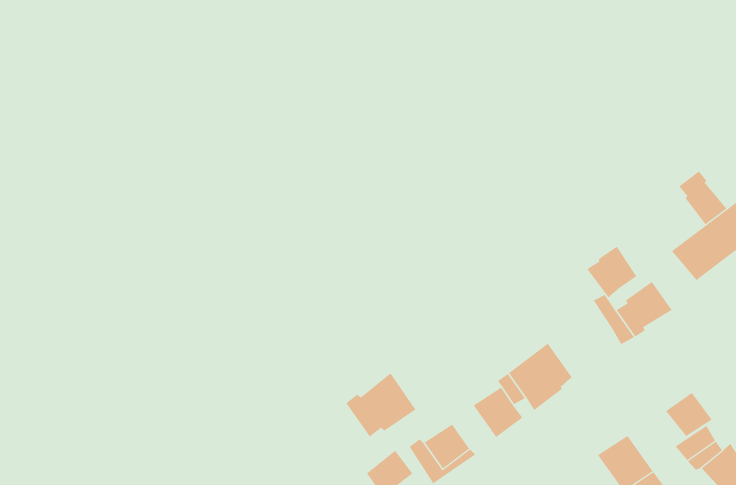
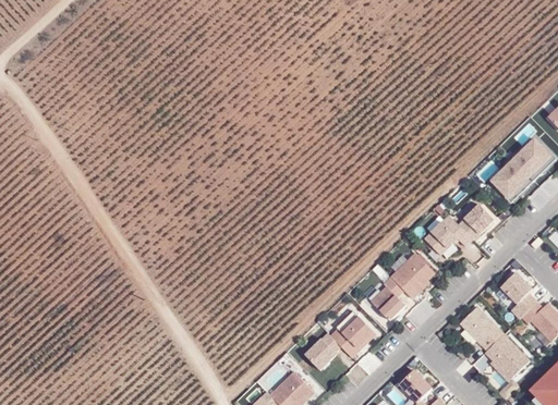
building: [678,171,727,225] -> none
building: [586,246,637,298] -> [423,220,458,256]
building: [346,372,416,438] -> none

